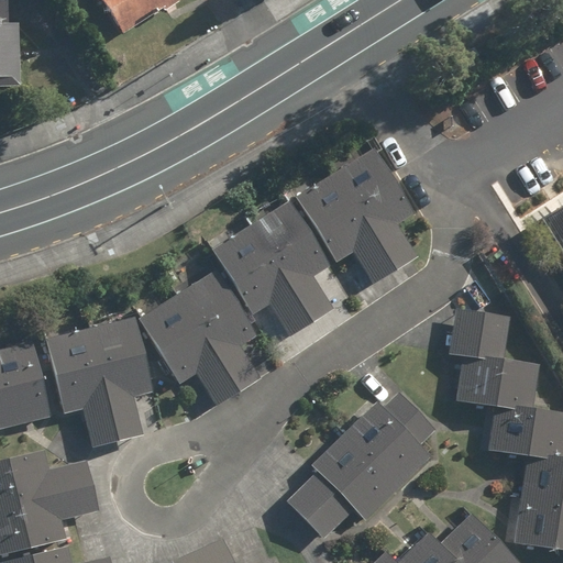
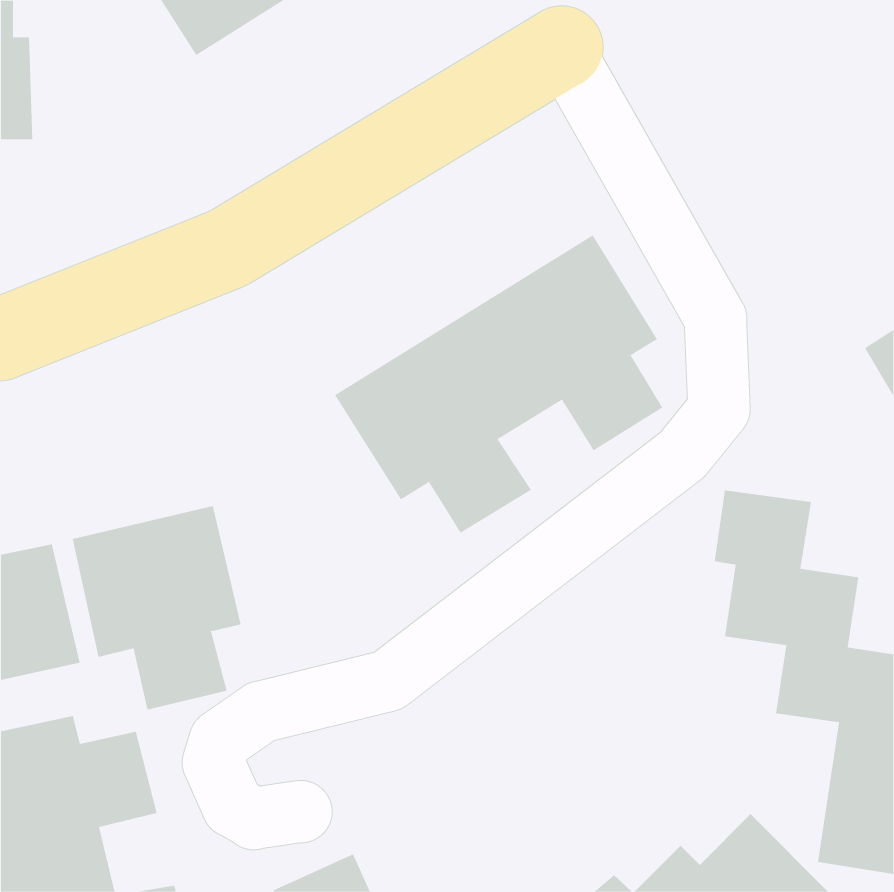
building: [139,268,261,406] -> none
building: [287,393,435,539] -> none

